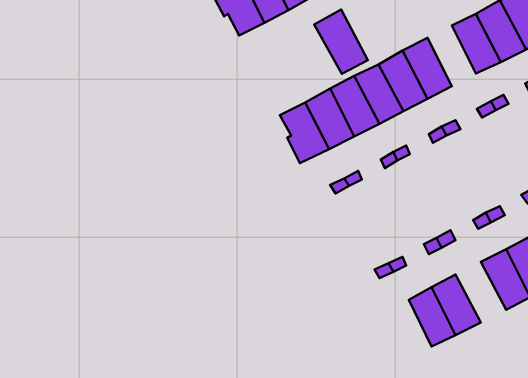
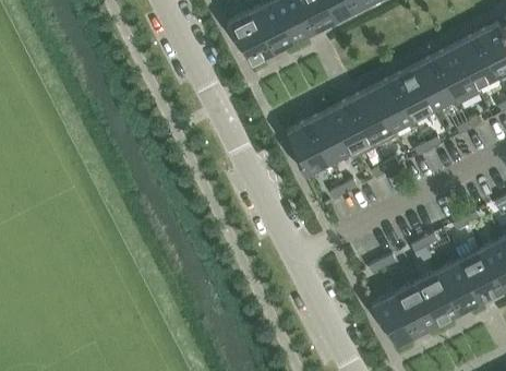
building: [314,10,368,74] -> none
building: none -> [414,57,456,109]
building: none -> [438,261,482,313]
building: none -> [372,294,418,345]

